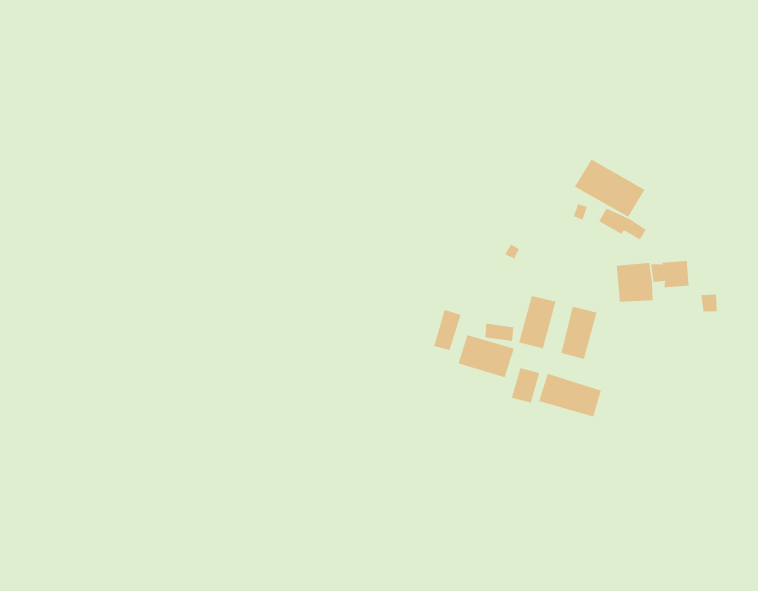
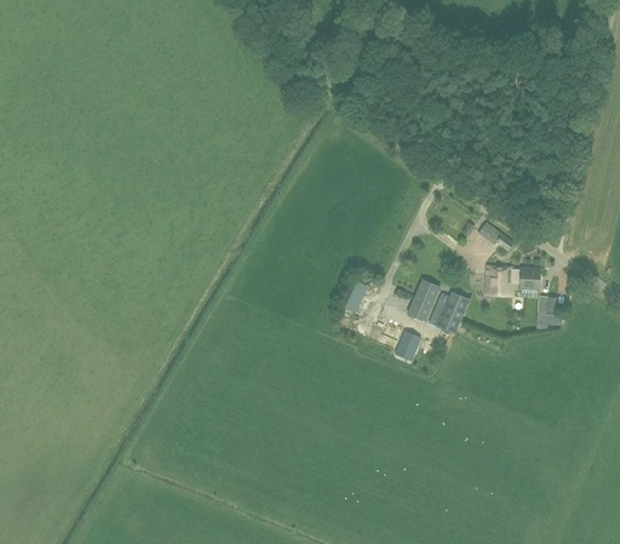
building: [574,158,646,218] -> none
building: [457,334,515,378] -> none
building: [538,373,602,418] -> none

